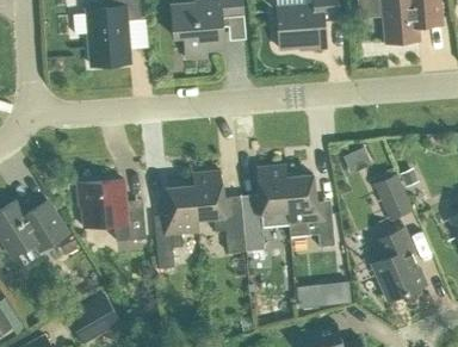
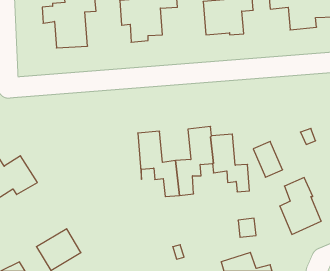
building: [155,172,198,267] -> none
building: [375,173,411,218] -> [253,141,283,177]
building: [76,179,146,240] -> none

